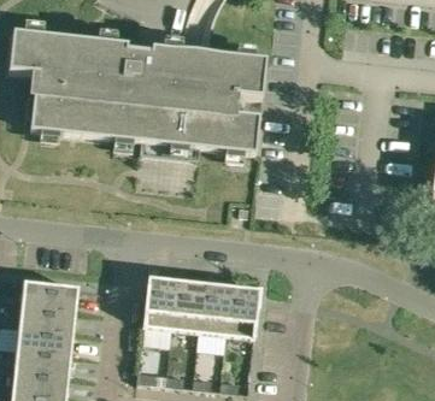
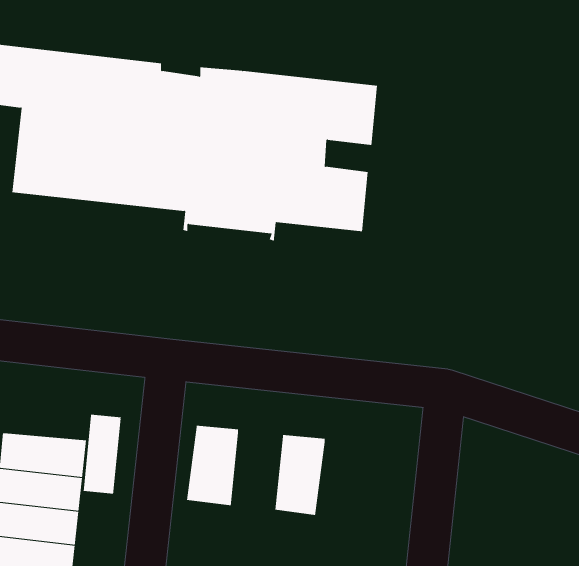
building: none -> [83,414,121,495]
building: [170,279,202,331] -> none
building: [224,285,258,337] -> none

